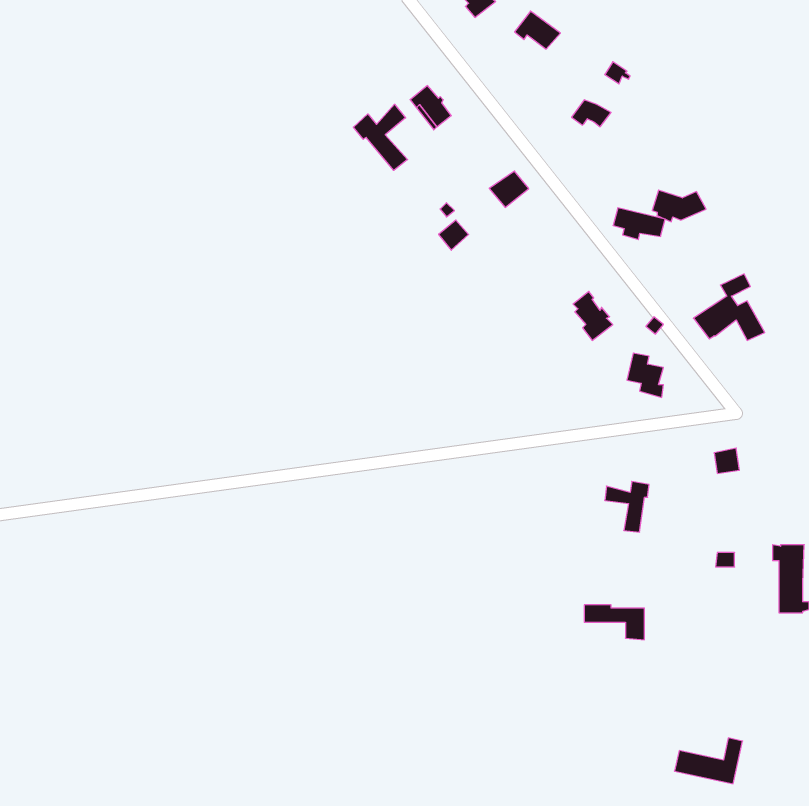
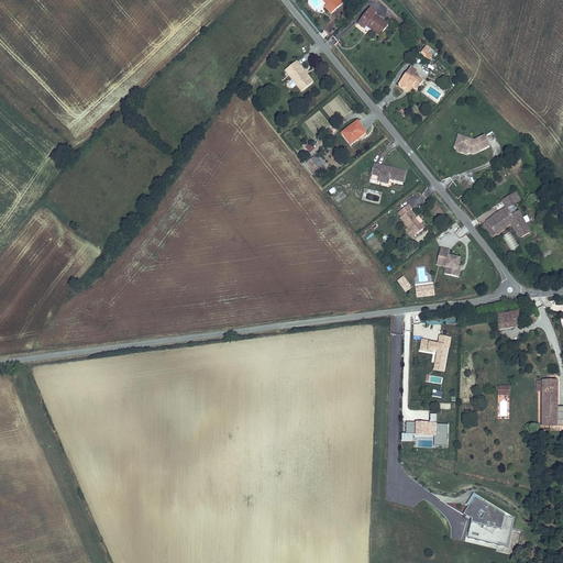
building: [353,104,408,170] -> none
building: [613,208,665,240] -> [371,161,407,183]
building: none -> [463,492,506,528]

